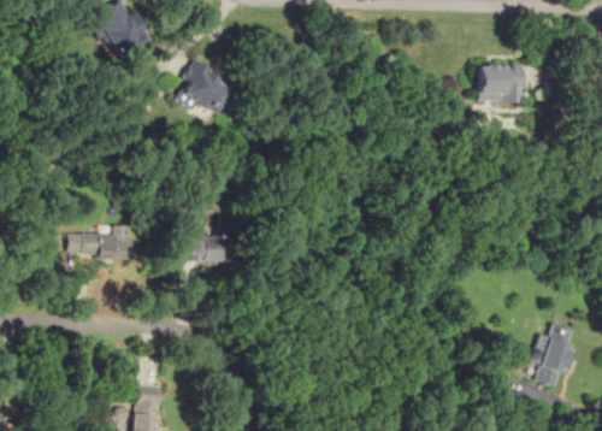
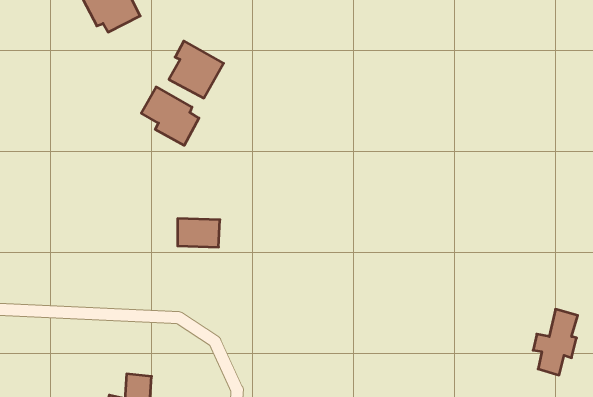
building: [478,64,524,102] -> none
building: none -> [141,87,199,145]
building: [83,229,126,256] -> none

